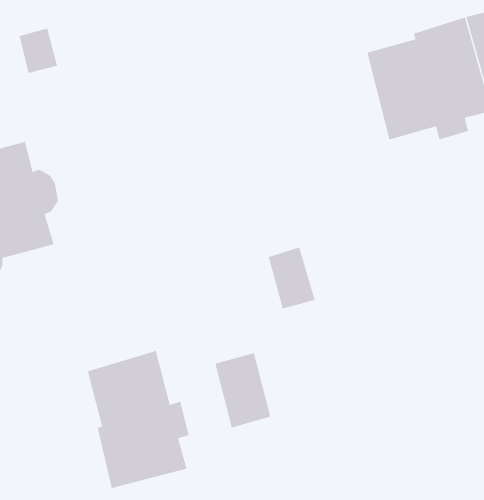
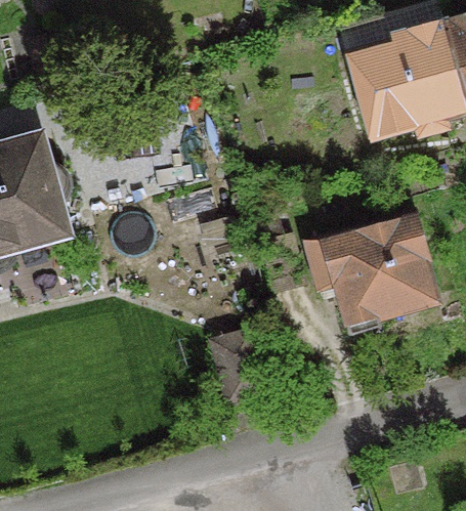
building: none -> [303,212,430,333]
building: [87,350,189,489] -> none

